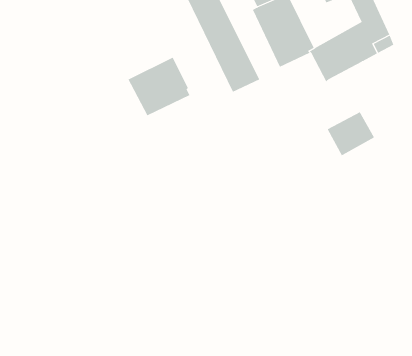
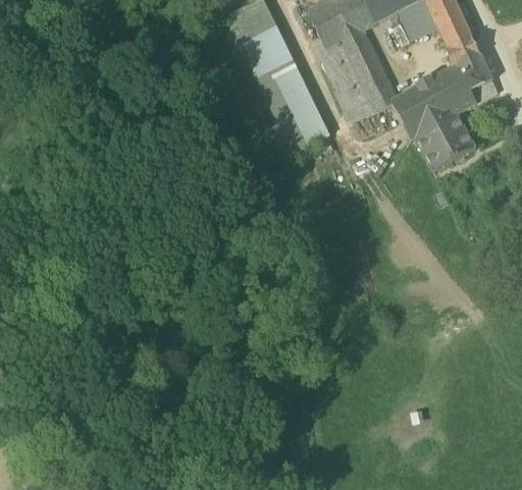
building: [128,57,190,116] -> none
building: [327,111,375,156] -> [415,112,475,168]

